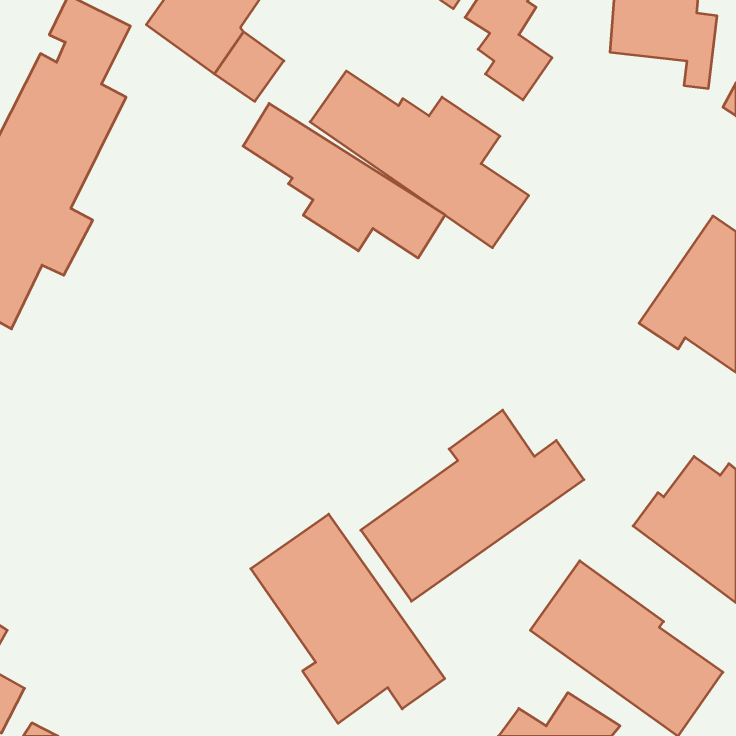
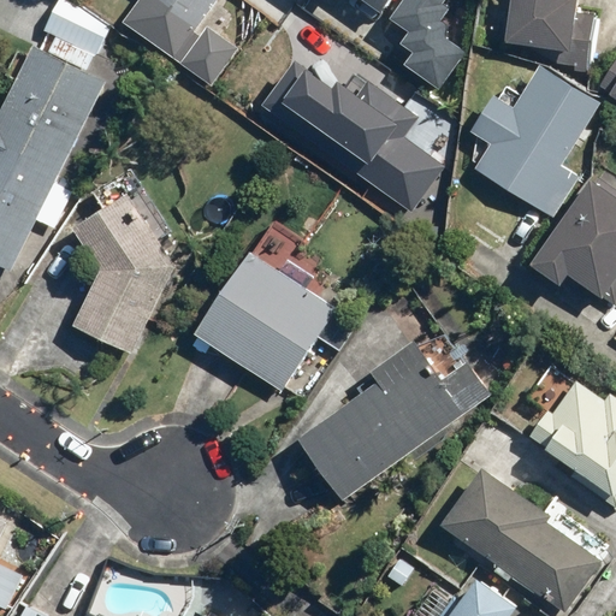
building: none -> [472,66,600,220]
building: [243,103,445,258] -> none
building: none -> [73,194,177,355]
building: none -> [191,249,354,389]
building: [251,514,445,723] -> none

